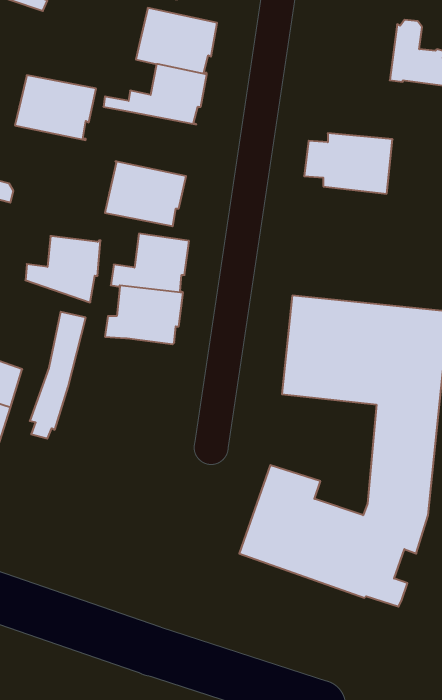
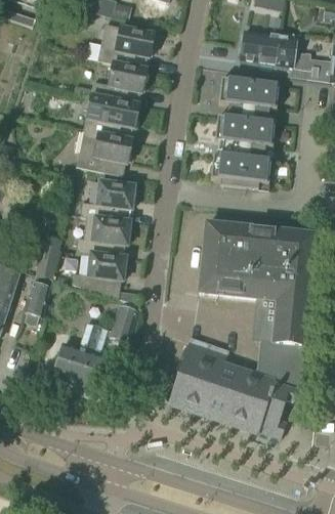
building: none -> [239,30,279,73]
building: [15,75,96,140] -> [83,94,139,139]
building: none -> [218,77,279,114]
building: none -> [211,146,271,188]
building: [25,236,101,302] -> [73,252,125,298]
building: none -> [53,304,138,388]

